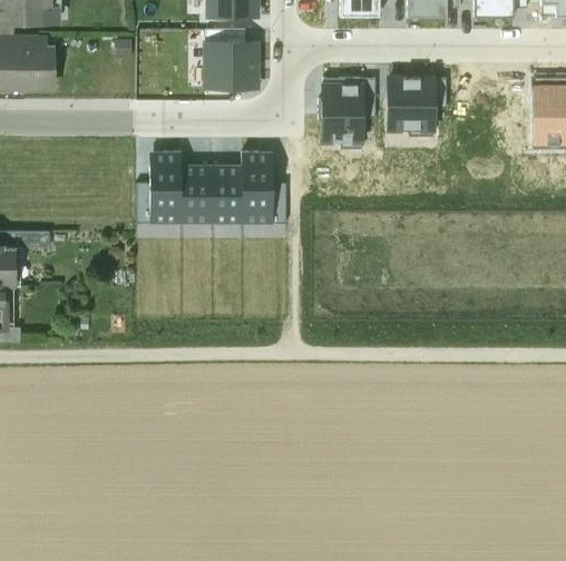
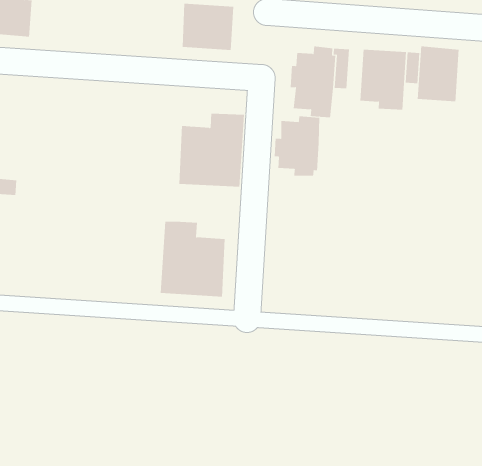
building: none -> [417,45,459,102]
building: none -> [274,116,320,177]
building: [148,151,212,225] -> [160,221,225,297]

